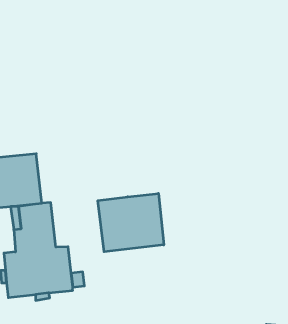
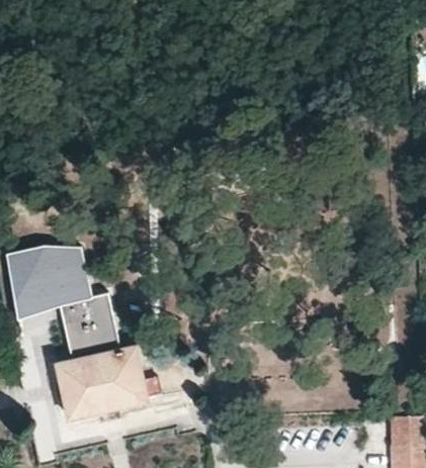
building: [98,193,164,252] -> none

